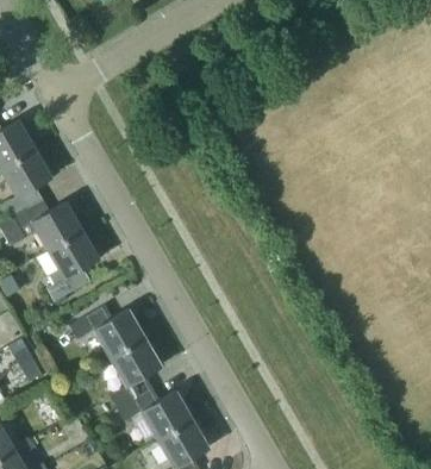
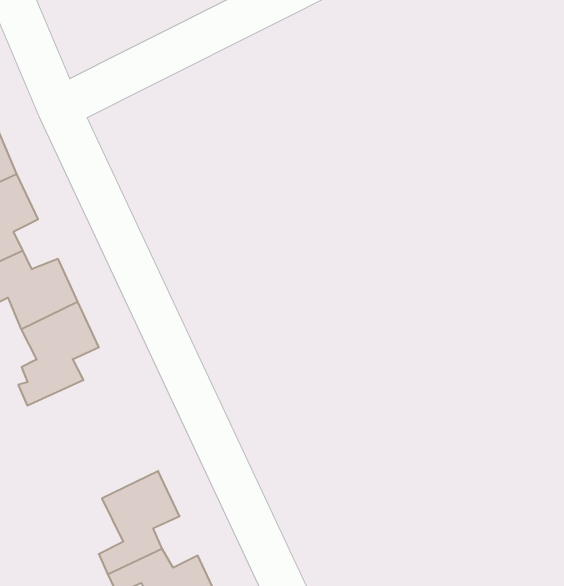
building: [69,305,145,358] -> none

